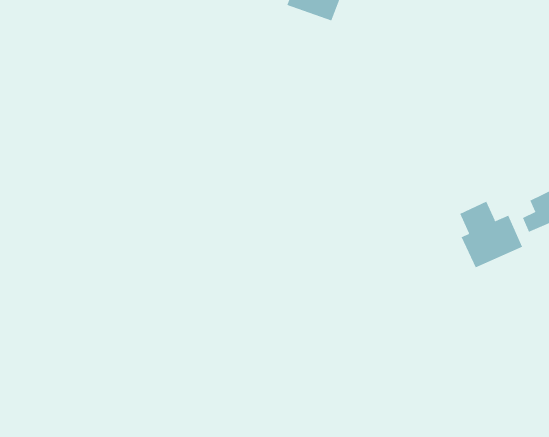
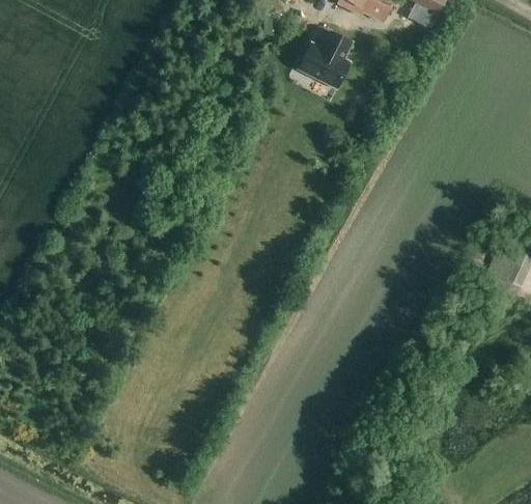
building: [459,201,523,268] -> none

